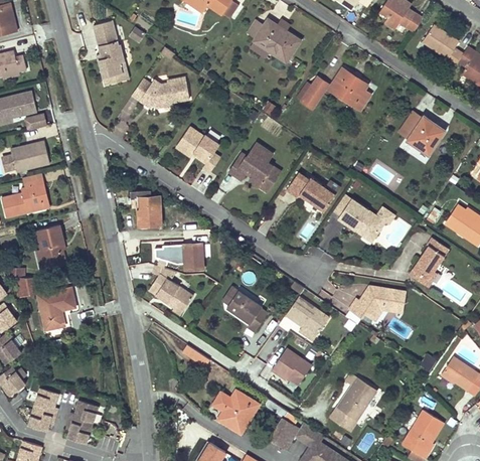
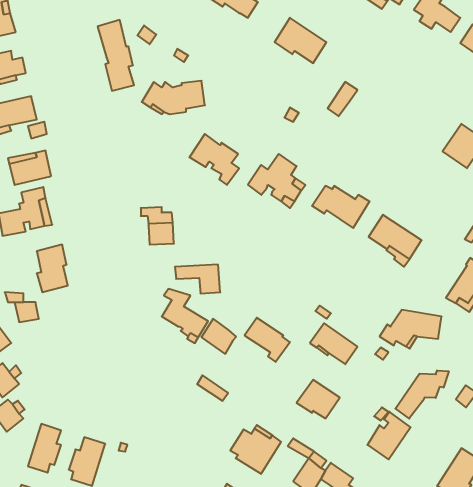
building: [328,69,369,111] -> none
building: [37,288,75,330] -> none
building: none -> [202,319,236,354]
building: none -> [395,370,449,419]

